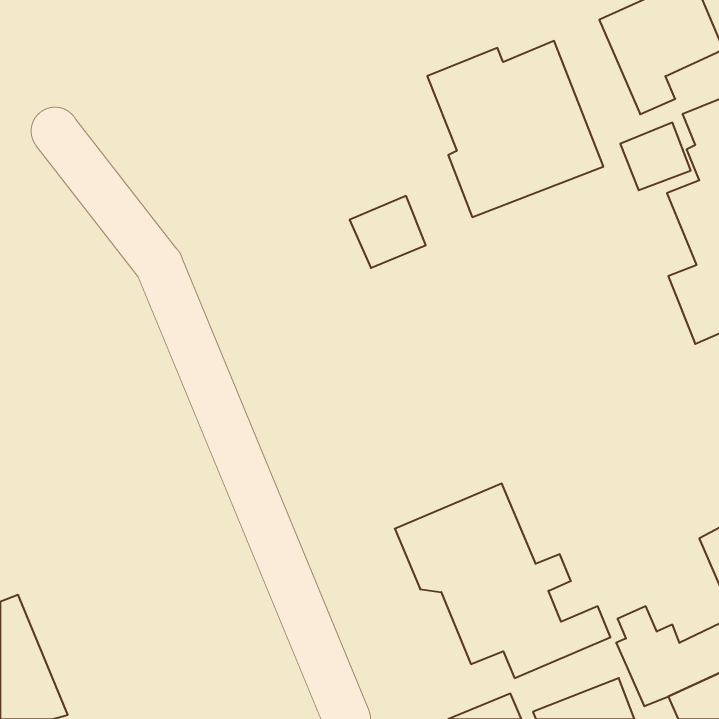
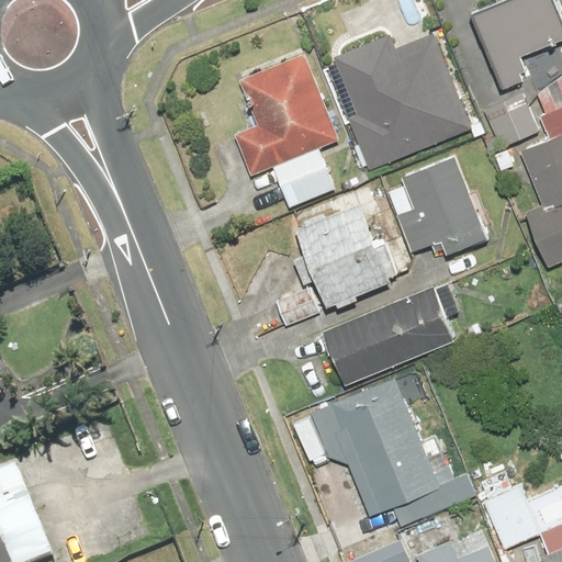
building: none -> [235,56,337,173]
building: none -> [397,157,484,255]
building: none -> [274,204,402,325]
building: none -> [321,289,461,387]

